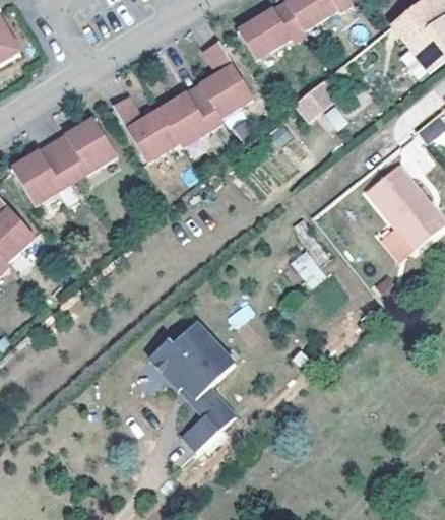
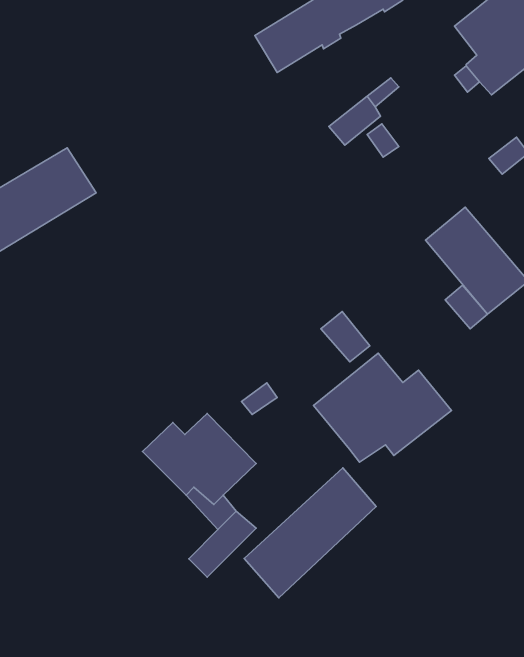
building: [111,44,252,161] -> none
building: none -> [314,353,452,462]
building: none -> [244,468,376,598]

